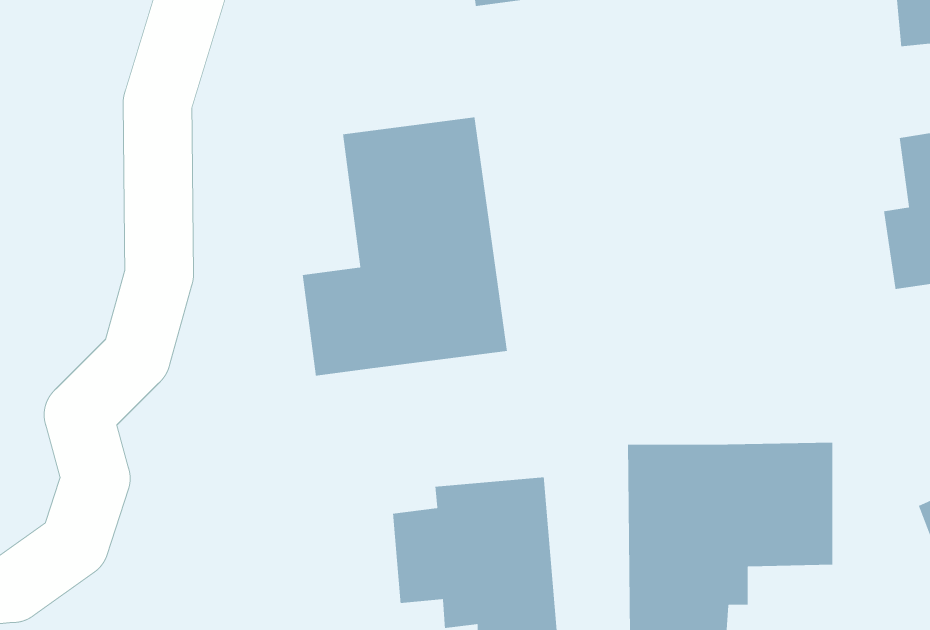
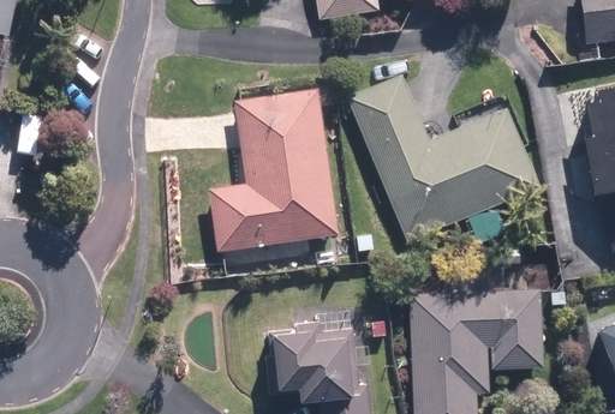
building: none -> [347,73,536,245]

